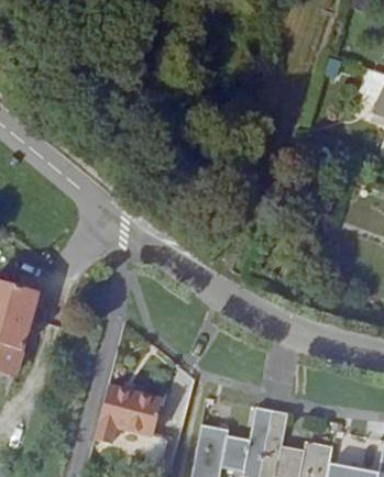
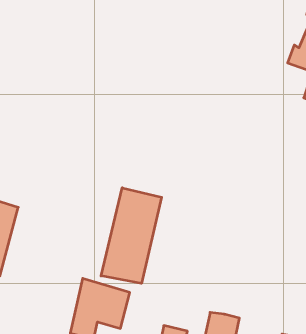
building: none -> [101,188,162,283]

